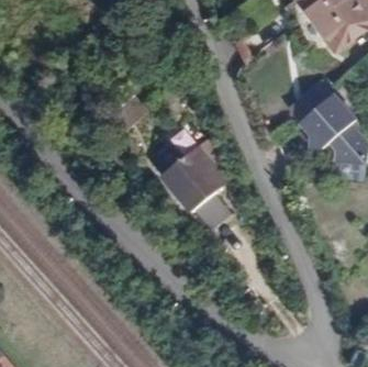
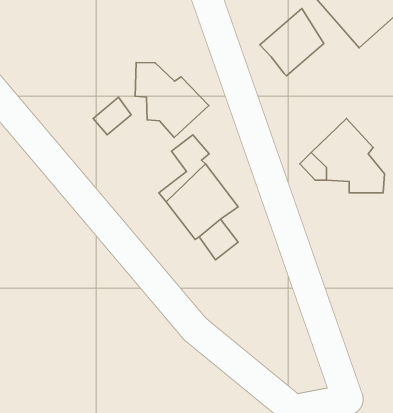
building: none -> [260,8,324,76]
building: none -> [135,62,209,137]

